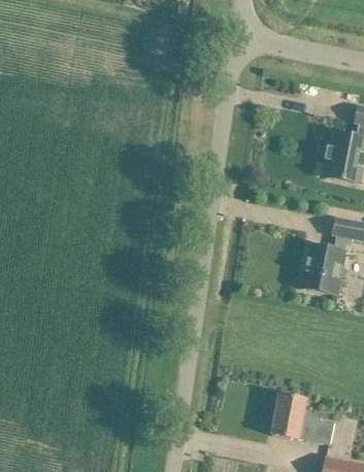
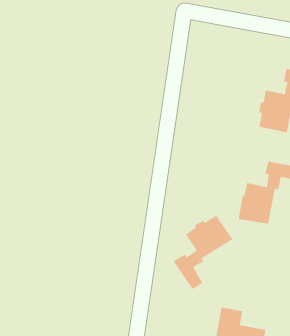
building: none -> [173,215,233,290]

